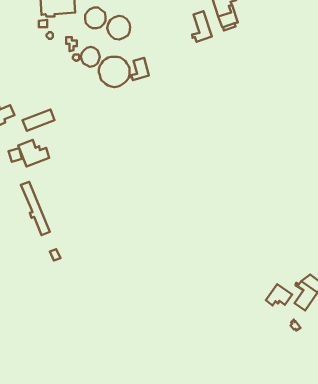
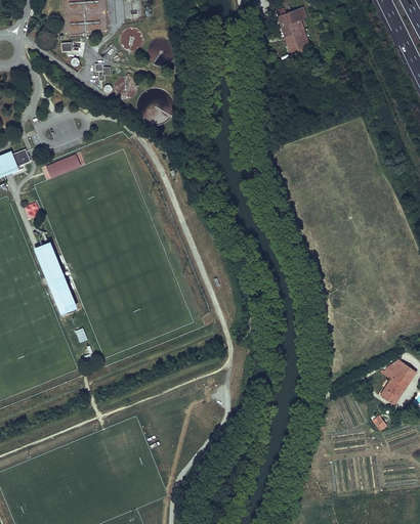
building: [192,11,212,42] -> none
building: [129,58,149,80] -> none
building: [18,140,49,167] -> none
building: [266,284,292,306] -> none

